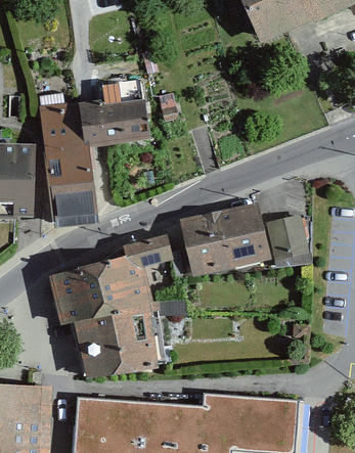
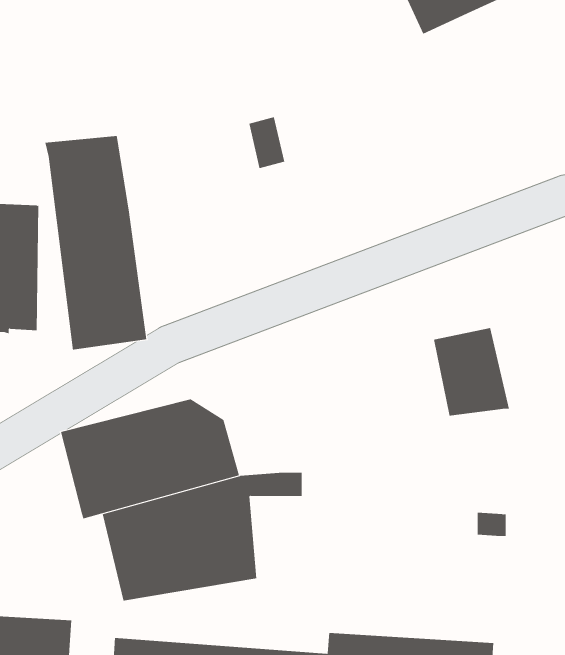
building: [81,79,150,147] -> none
building: [179,201,271,276] -> none
building: [124,235,172,269] -> none

